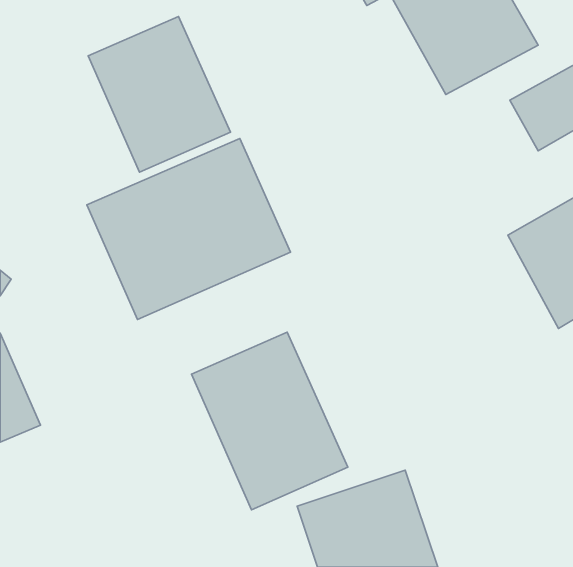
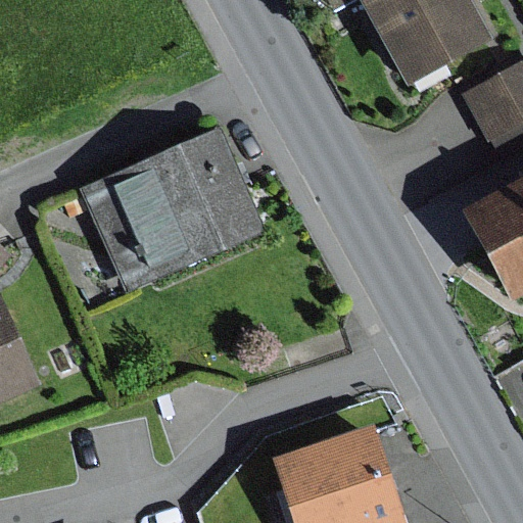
building: [88,17,230,172] -> none
building: [191,332,348,510] -> none

